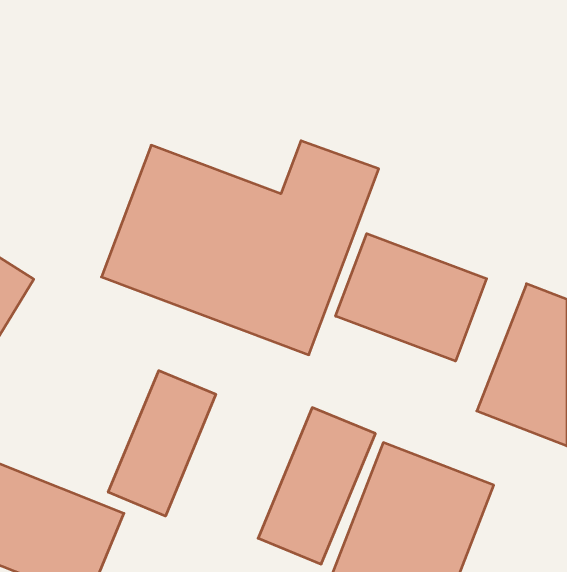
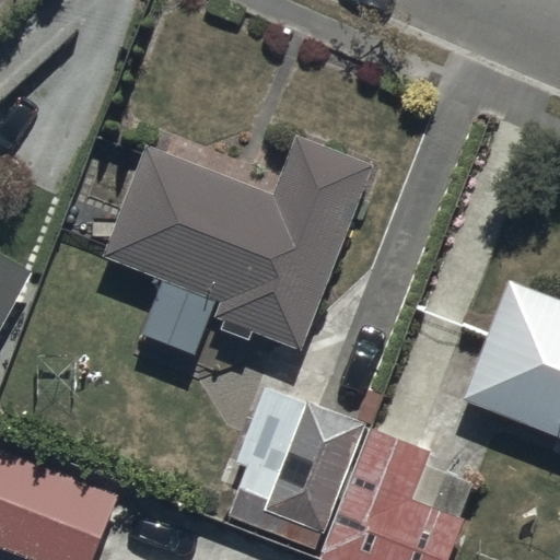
building: [336,234,487,361] -> none
building: [108,371,216,516] -> none

